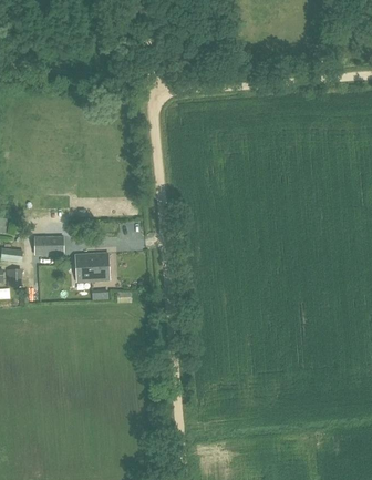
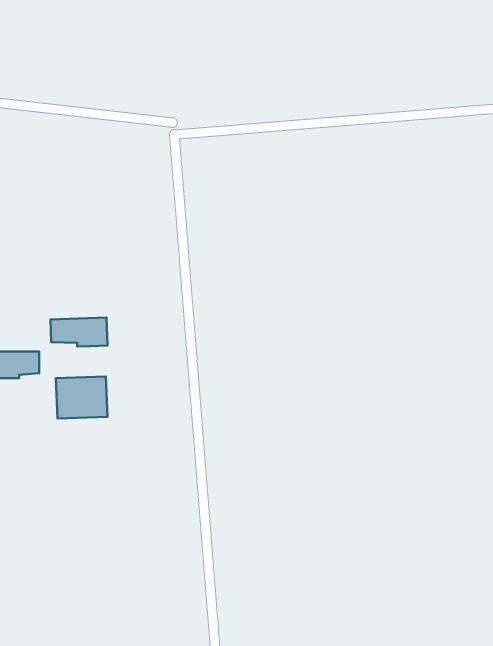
building: none -> [50,318,107,346]

